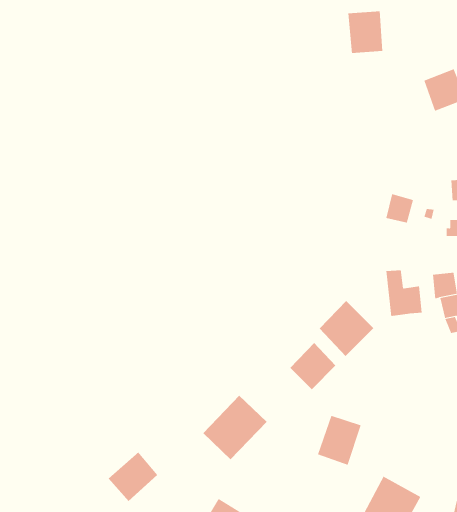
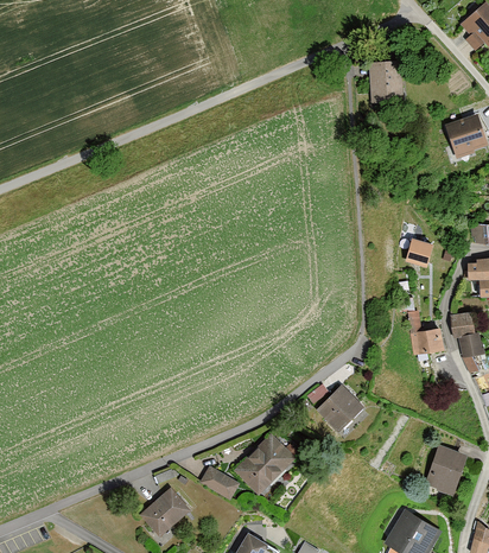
building: [319,300,374,357] -> none
building: [317,415,362,466] -> [424,447,466,496]
building: none -> [198,465,239,501]

